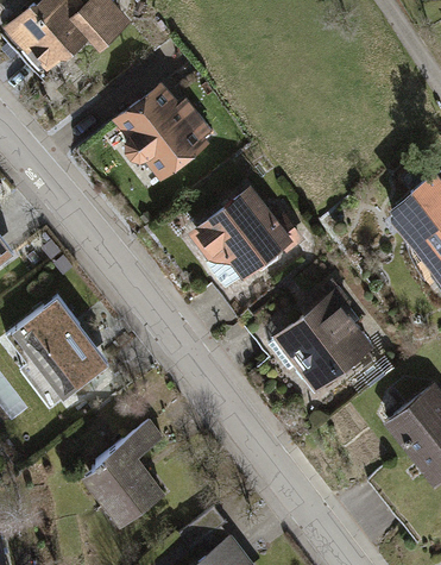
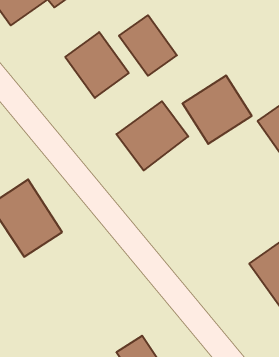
building: none -> [119,15,177,76]
building: [270,287,370,385] -> [182,76,252,144]
building: [83,432,166,533] -> none

